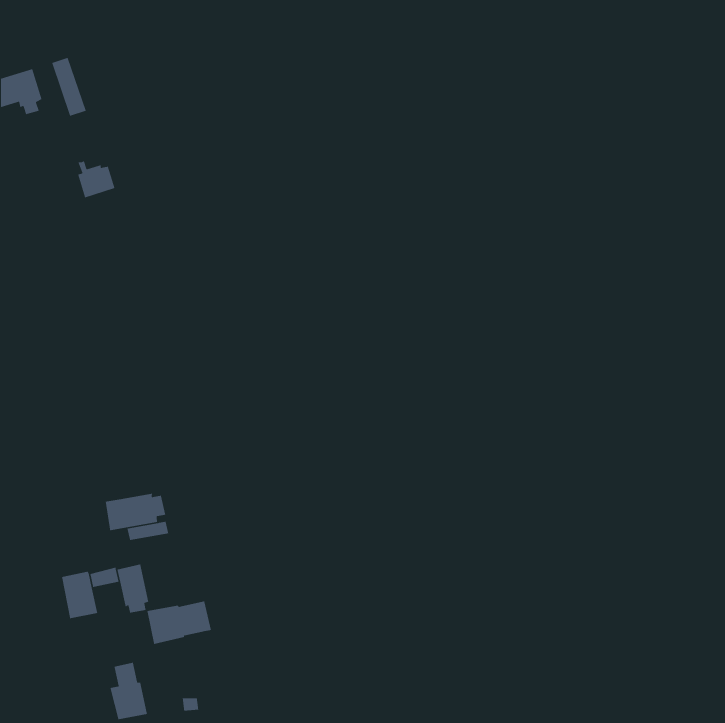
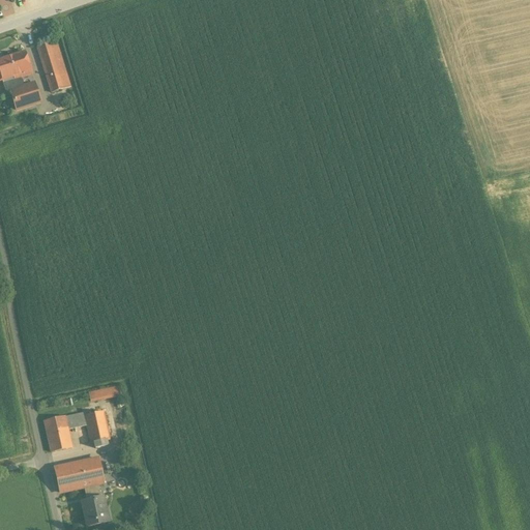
building: [77,160,116,198] -> [12,78,40,106]
building: [105,493,166,531] -> none
building: [146,601,212,645] -> [56,459,104,491]

